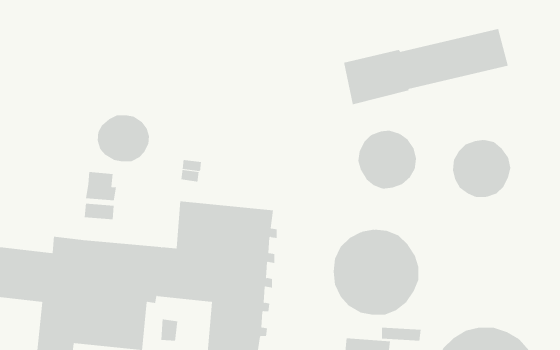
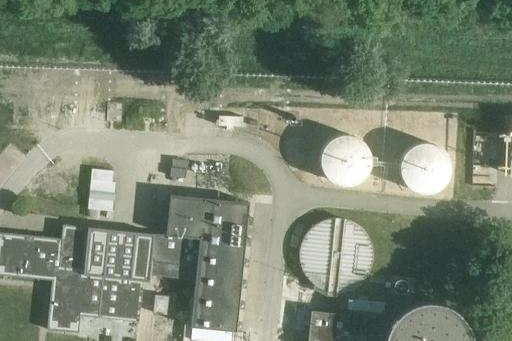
building: [343,28,508,105] -> none
building: [97,114,150,162] -> none

